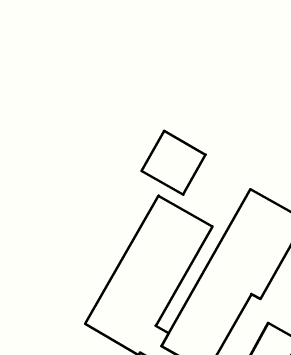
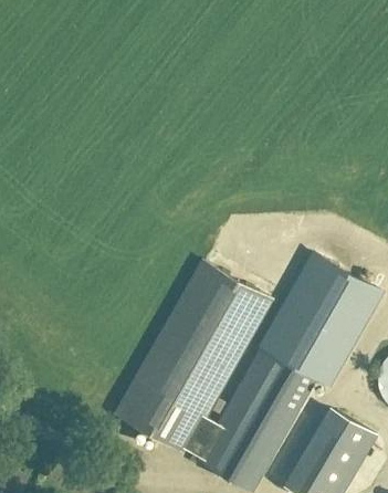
building: [142,131,206,195] -> none

